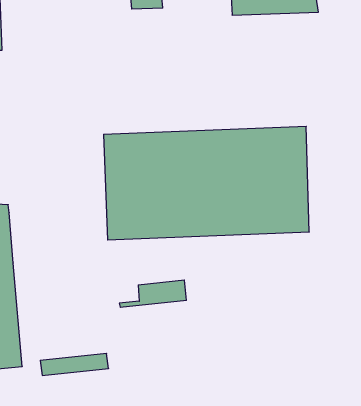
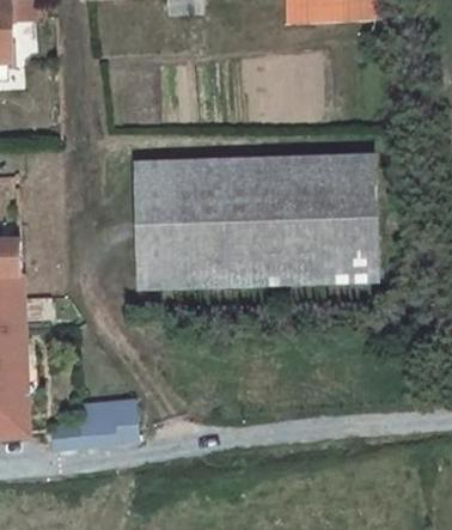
building: [119,280,186,307] -> [56,400,136,432]

